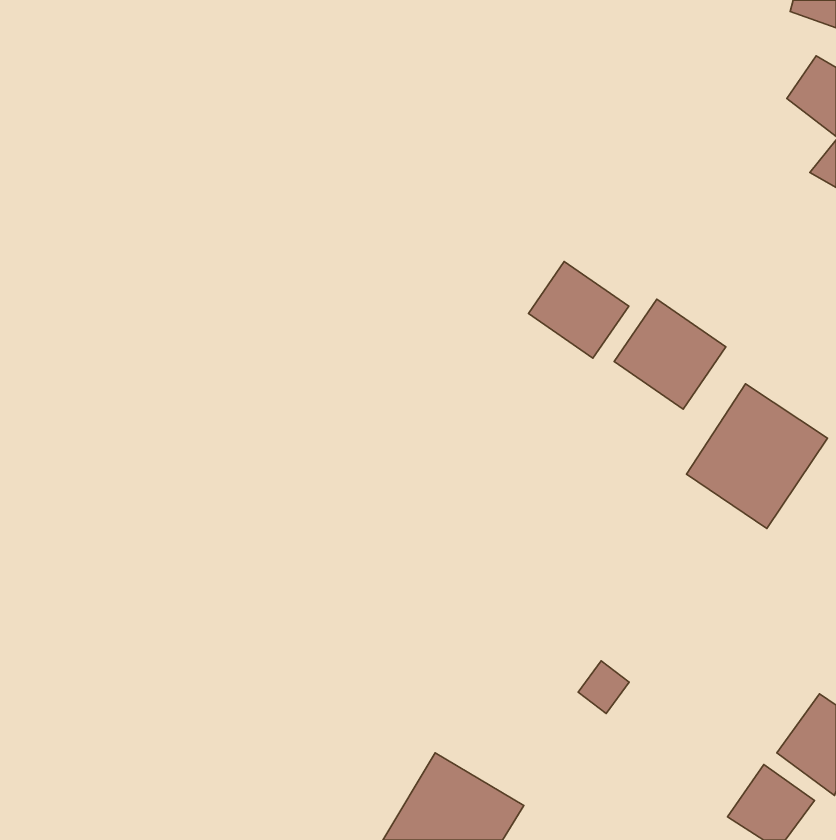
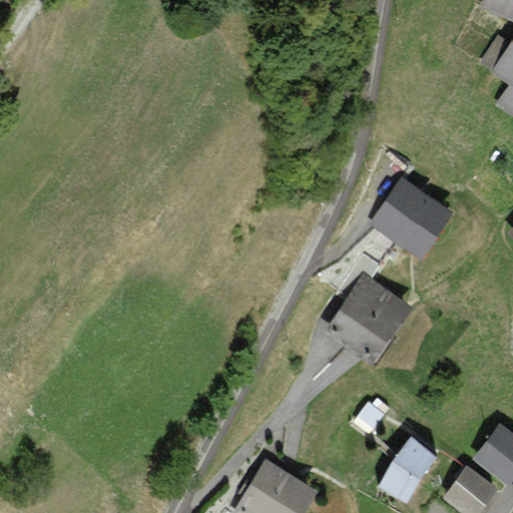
building: [528,261,629,358] -> none
building: [686,384,828,529] -> [328,275,414,363]
building: none -> [379,436,440,502]

